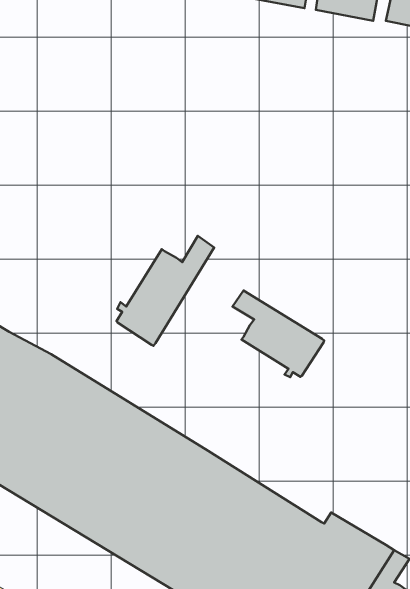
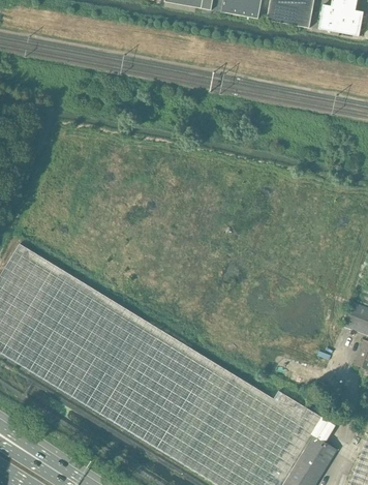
building: [117,236,214,346] -> none
building: [233,291,324,377] -> none

